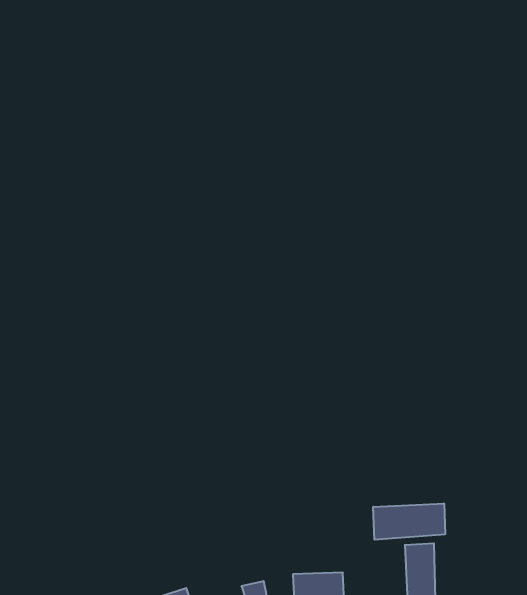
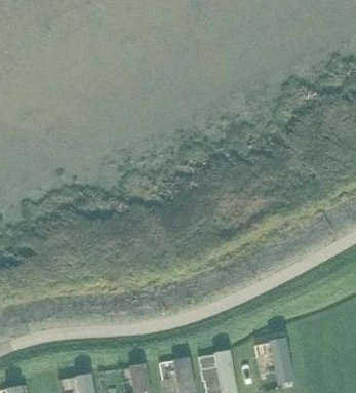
building: [373,503,445,540] -> none

